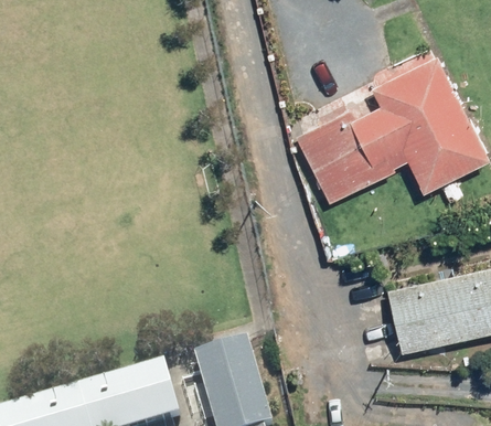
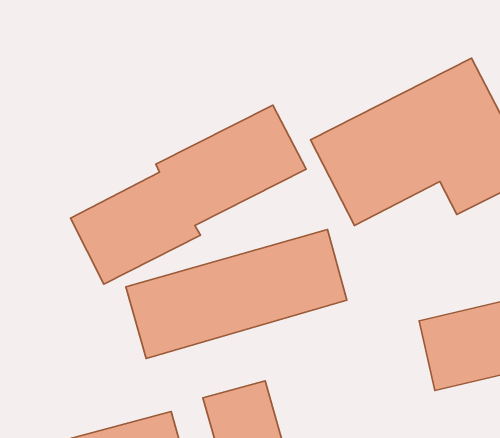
building: none -> [71,105,306,284]
building: none -> [126,230,347,359]

